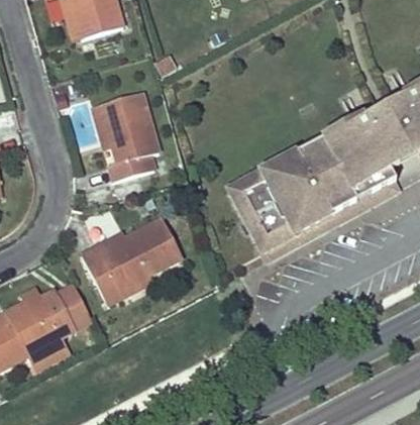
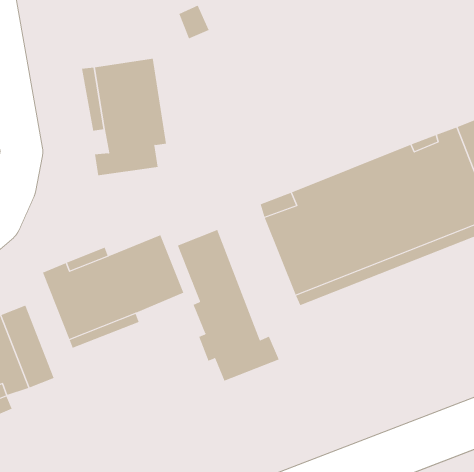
building: none -> [177,229,279,382]

